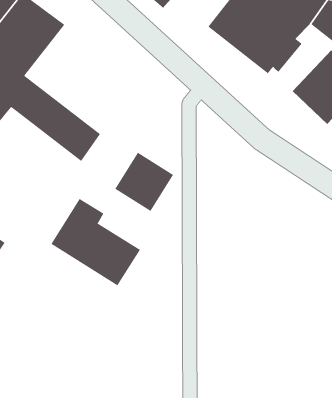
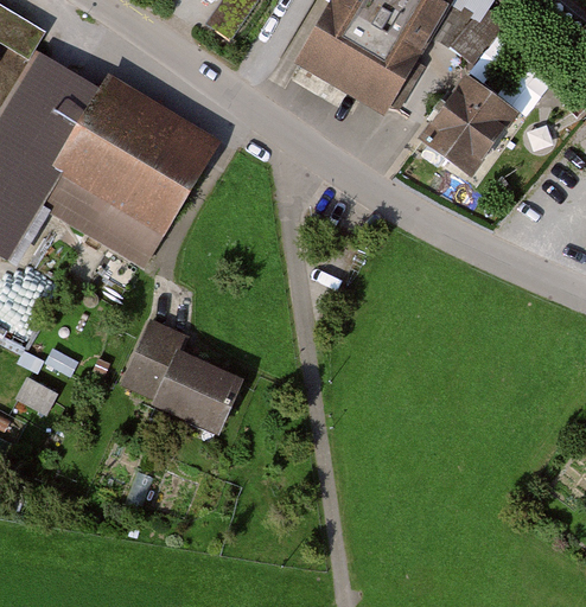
building: none -> [53,74,218,228]
building: [114,152,174,212] -> none

